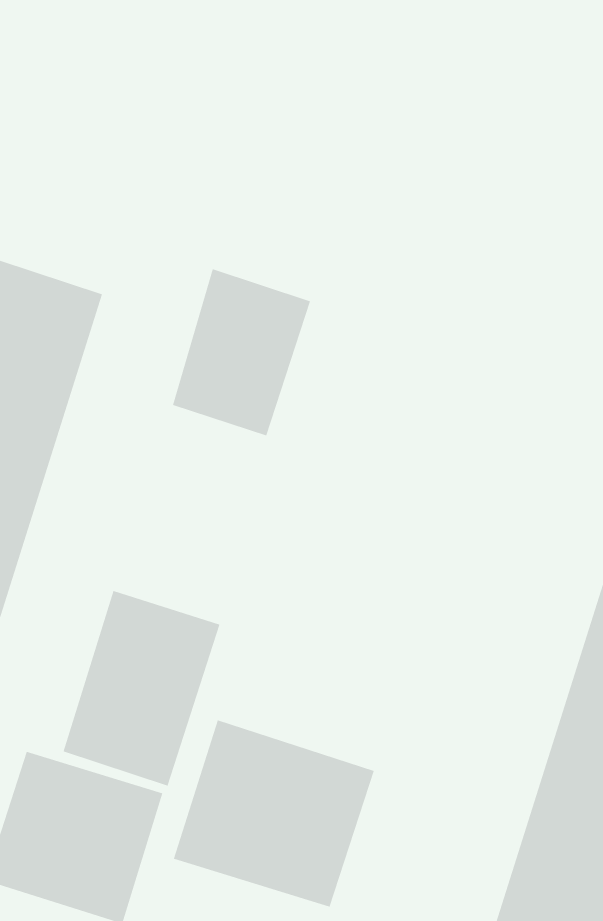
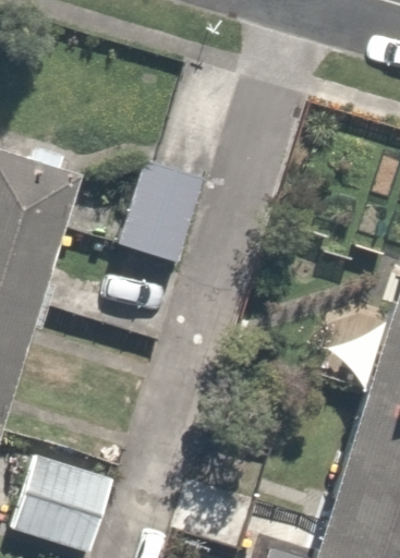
building: [63,590,220,786] -> none
building: [173,719,375,907] -> none

